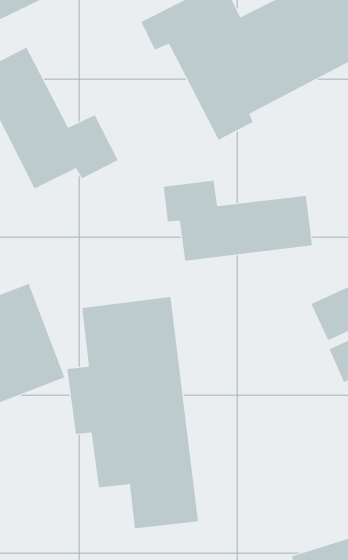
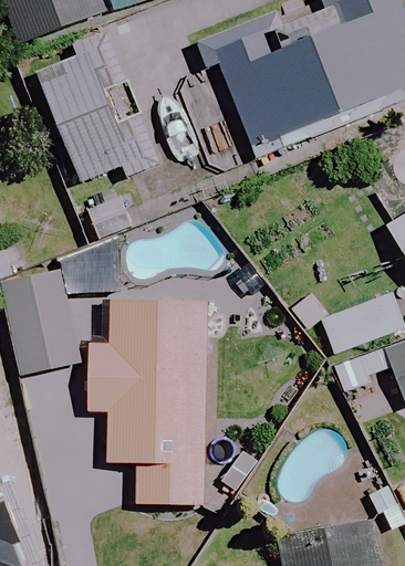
building: [163,180,312,261] -> none

